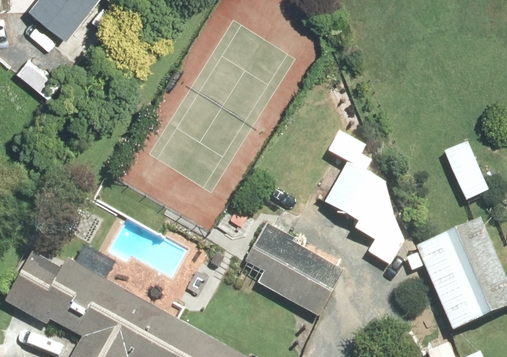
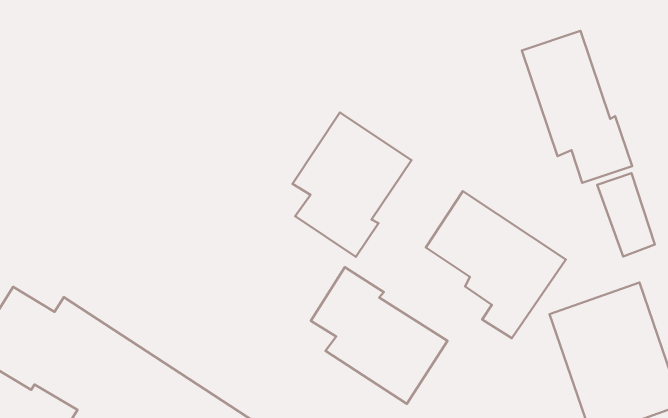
building: none -> [522,31,632,183]
building: none -> [293,113,411,257]

